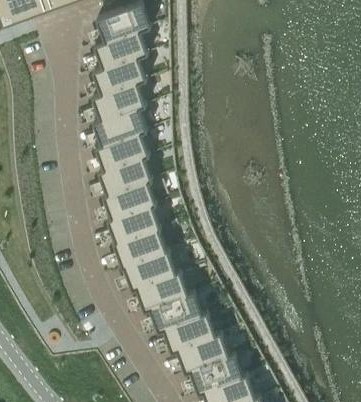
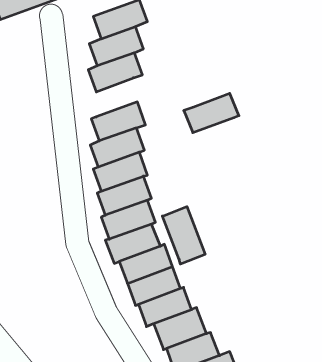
building: [92,79,147,118] -> [184,93,239,133]
building: none -> [162,207,205,264]

